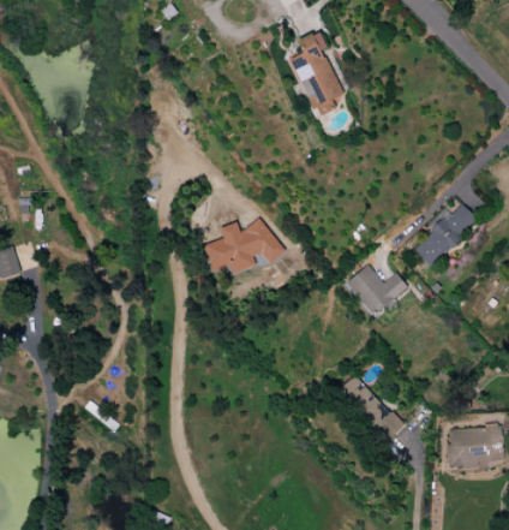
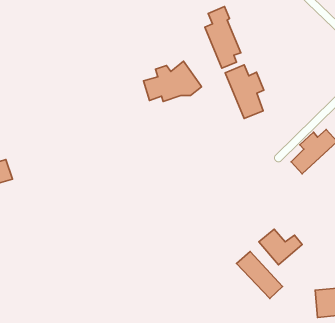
building: none -> [225,65,264,119]
building: [204,218,286,274] -> [143,61,202,101]
building: [347,266,408,316] -> [259,229,302,265]

